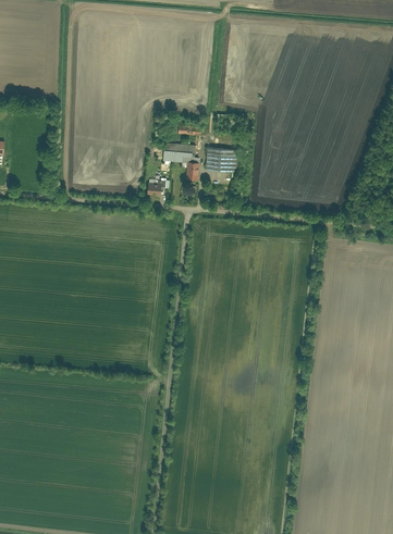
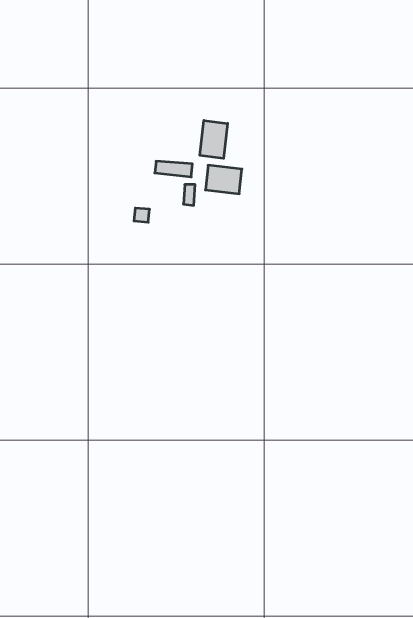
building: none -> [200,120,228,158]

